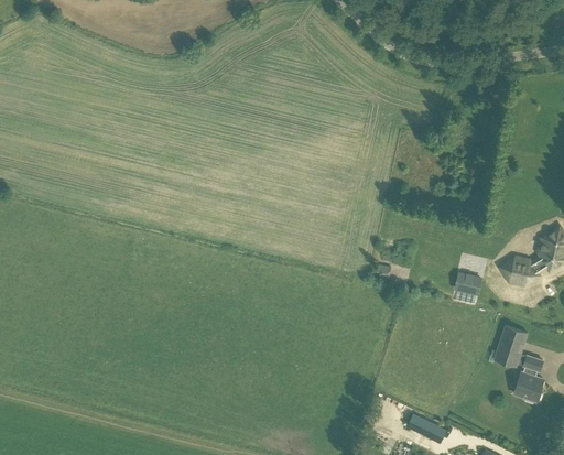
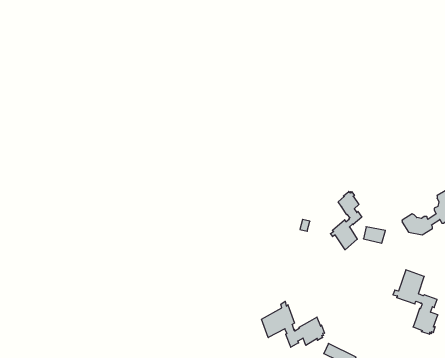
building: none -> [330,191,362,250]
building: none -> [262,301,324,347]

